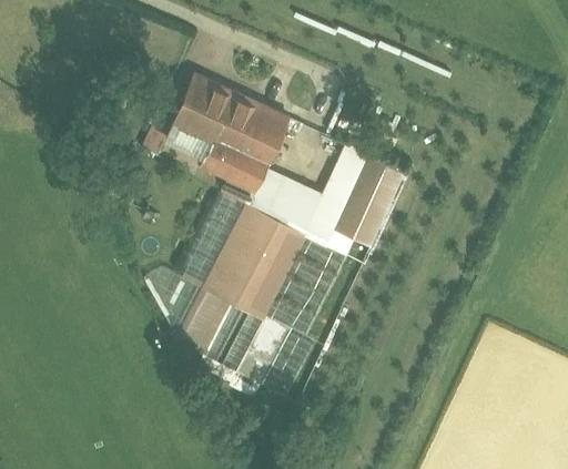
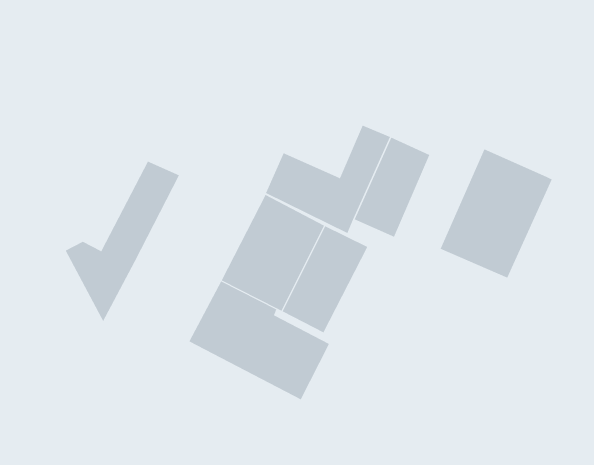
building: [168,74,291,192] -> none
building: none -> [440,149,553,279]
building: [146,193,253,343] -> [65,161,180,322]

